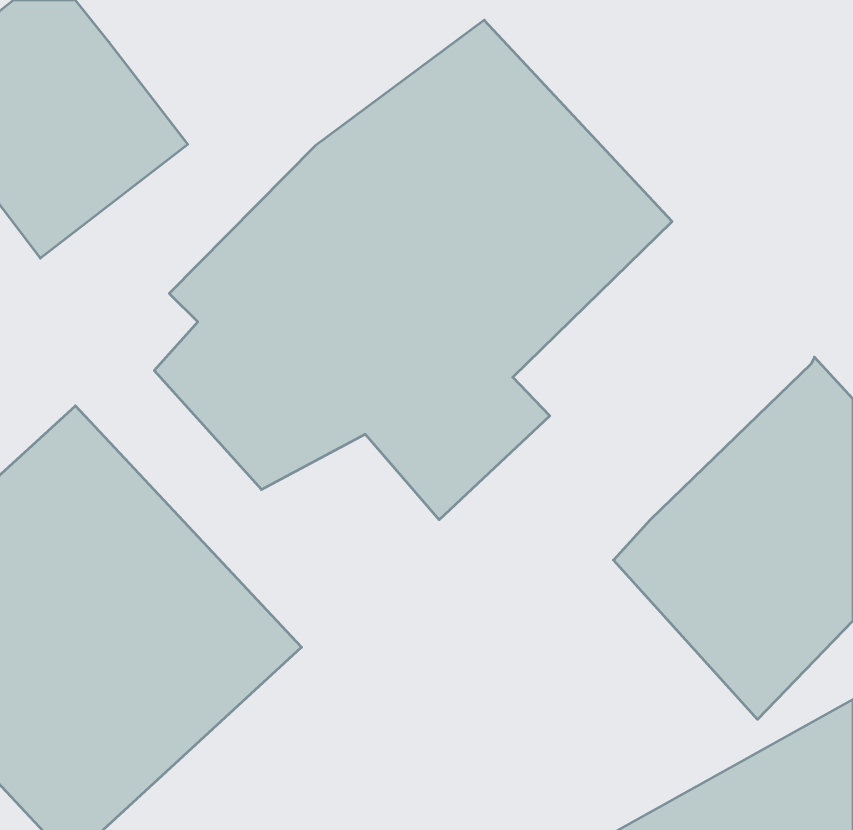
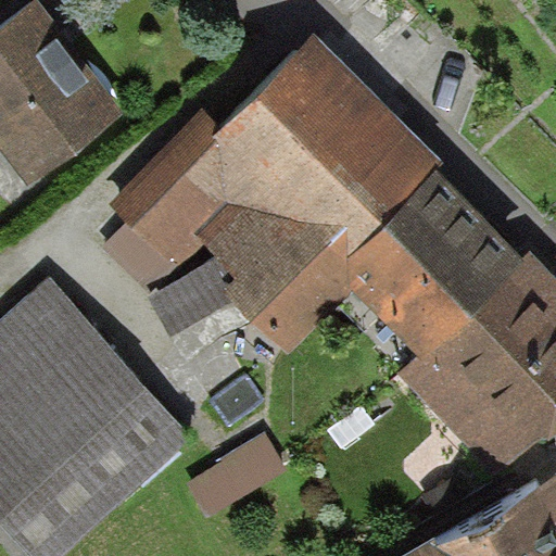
building: none -> [332,161,526,354]
building: none -> [189,445,286,528]

